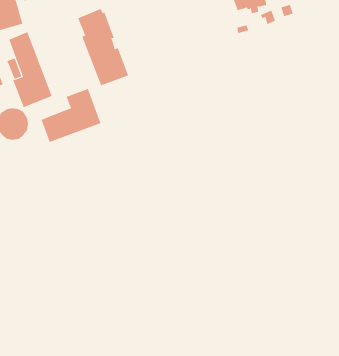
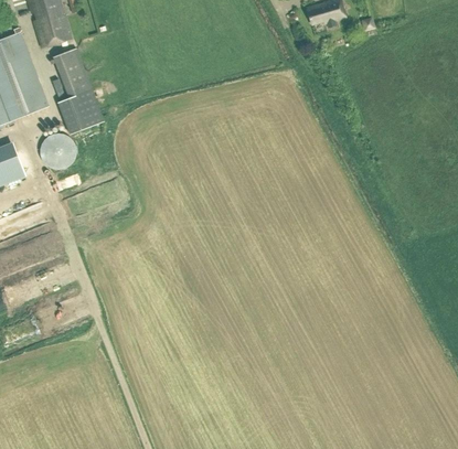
building: [78,8,129,86] -> none
building: [41,88,101,143] -> none

